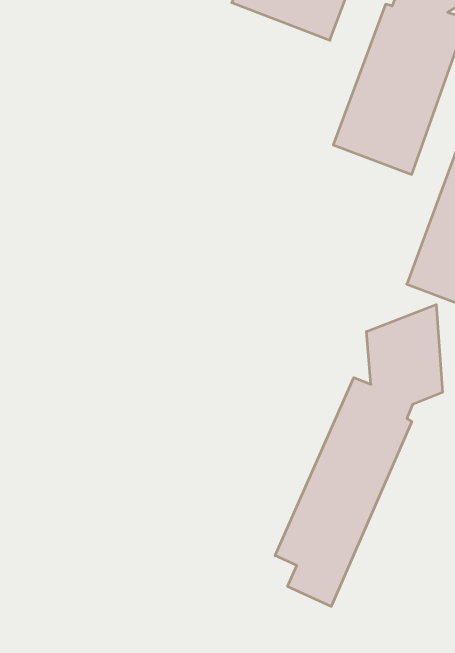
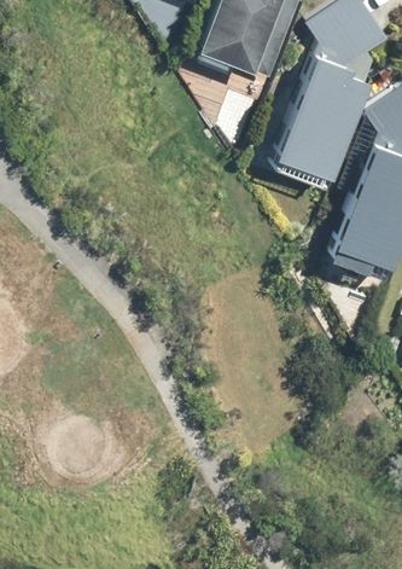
building: [275,305,442,606] -> none

